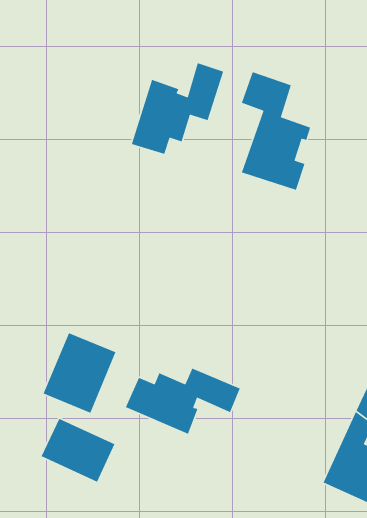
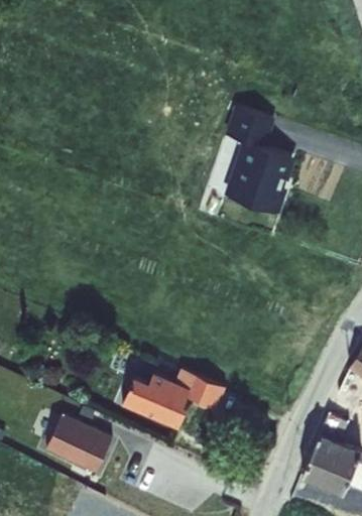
building: [131,62,224,155] -> none
building: [43,332,117,414] -> none

